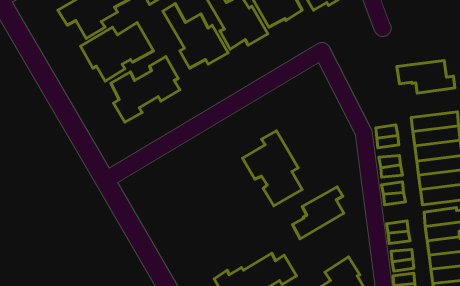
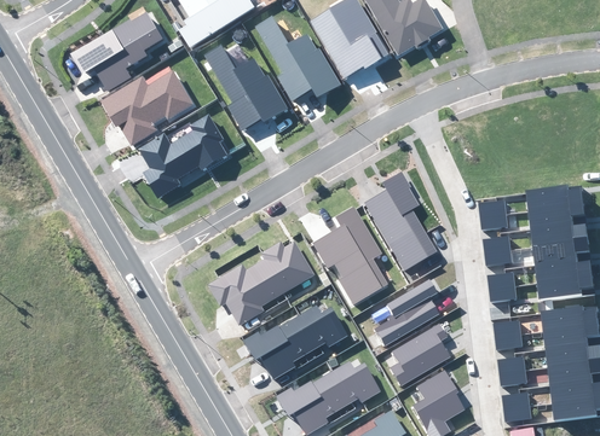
building: [397,61,455,93] -> none
building: none -> [362,172,434,271]
building: none -> [206,240,313,326]
building: none -> [240,307,346,378]
building: none -> [388,321,450,385]

